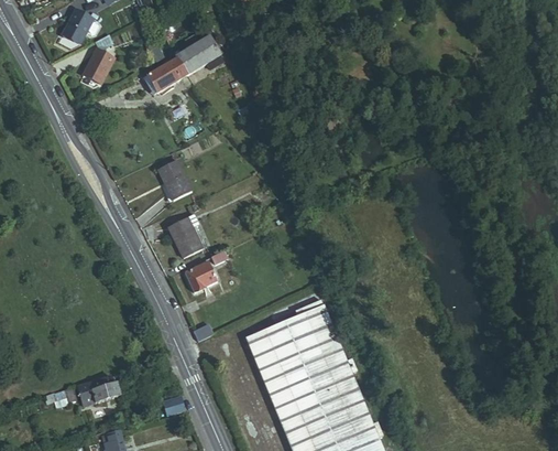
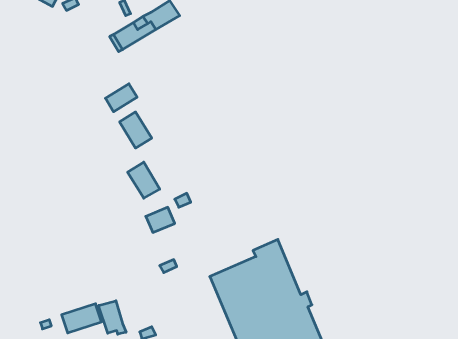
building: [78,54,109,85] -> none
building: none -> [105,84,137,112]
building: none -> [99,301,126,334]

